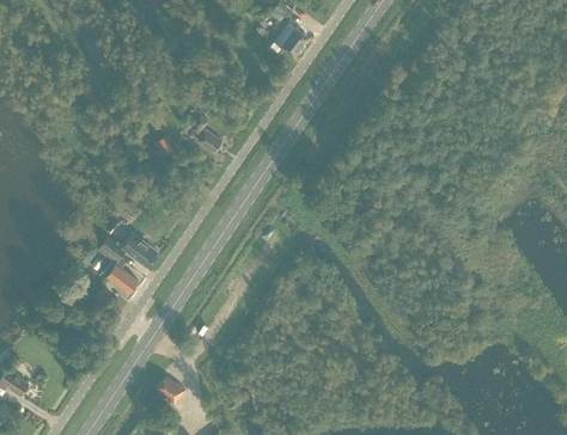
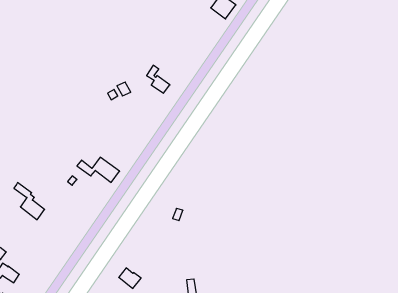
building: [99,245,139,293] -> [14,183,45,220]

